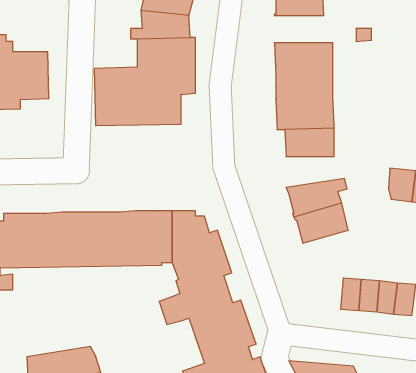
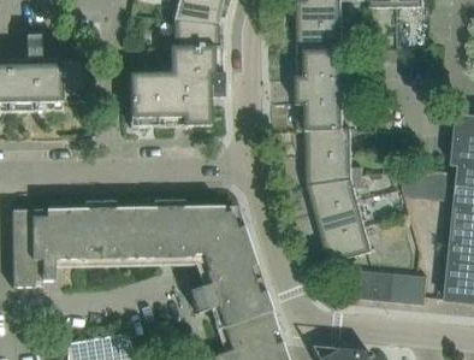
building: none -> [296,24,342,49]
building: none -> [307,155,361,184]
building: none -> [322,224,372,261]

